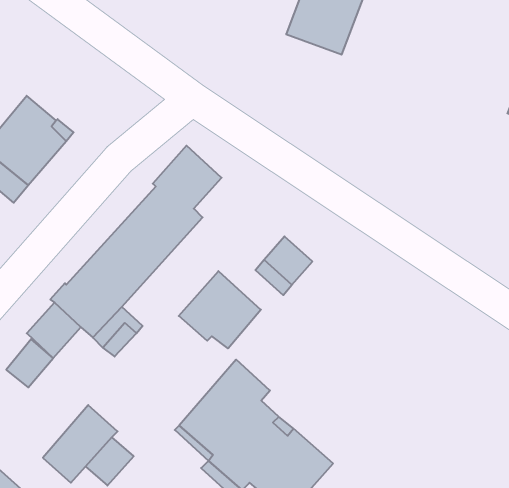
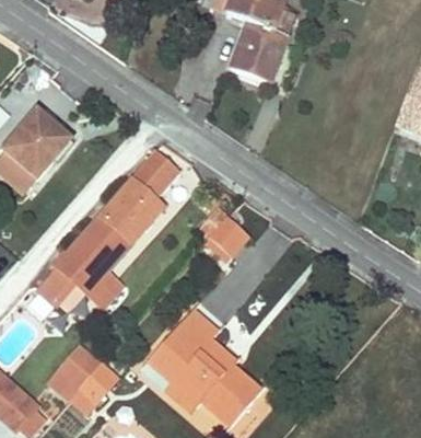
building: [179,271,261,348] -> none

